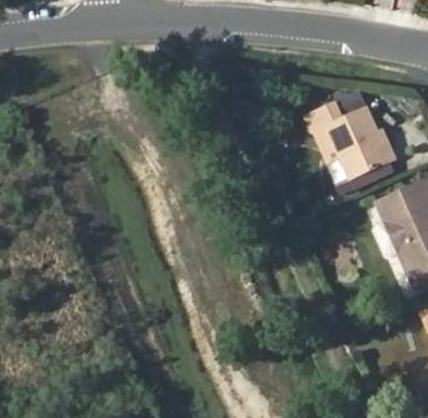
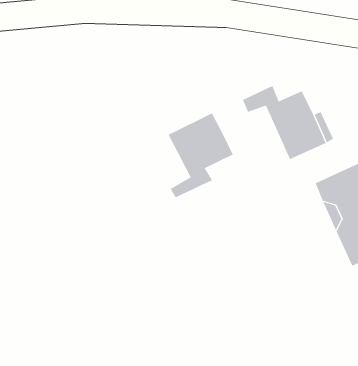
building: none -> [168,113,233,198]

